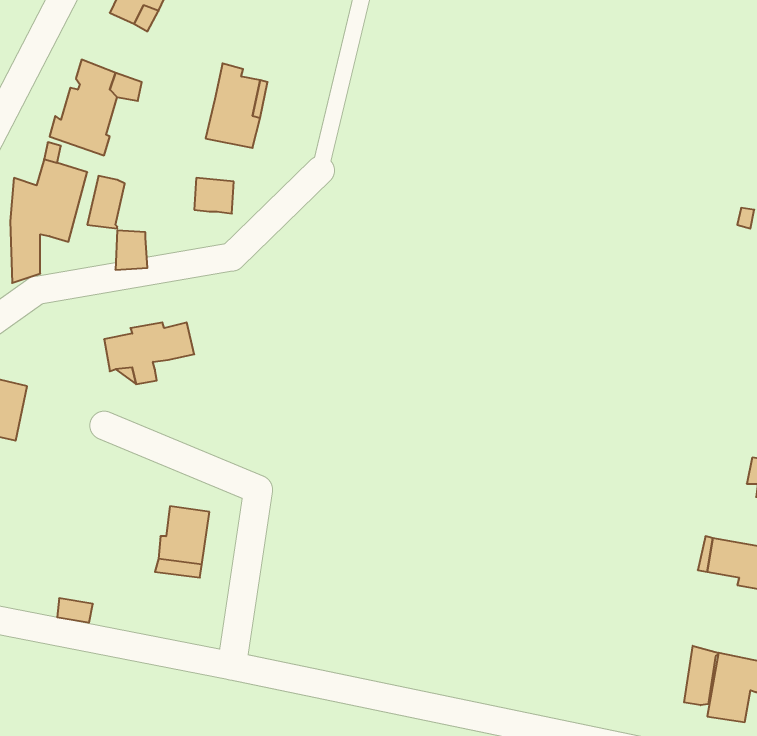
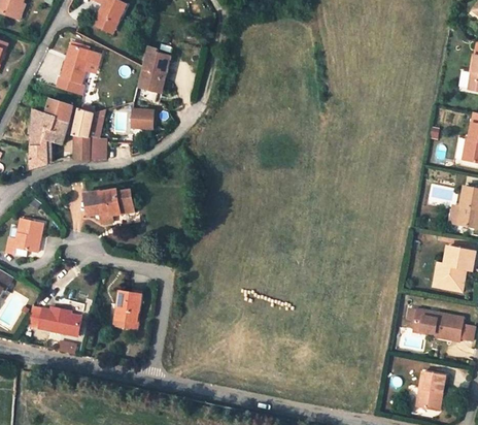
building: none -> [72,136,90,161]
building: none -> [30,308,80,333]
building: [684,646,718,705] -> none

